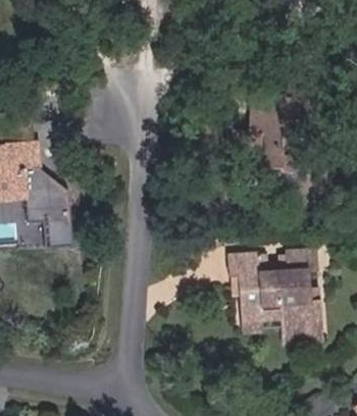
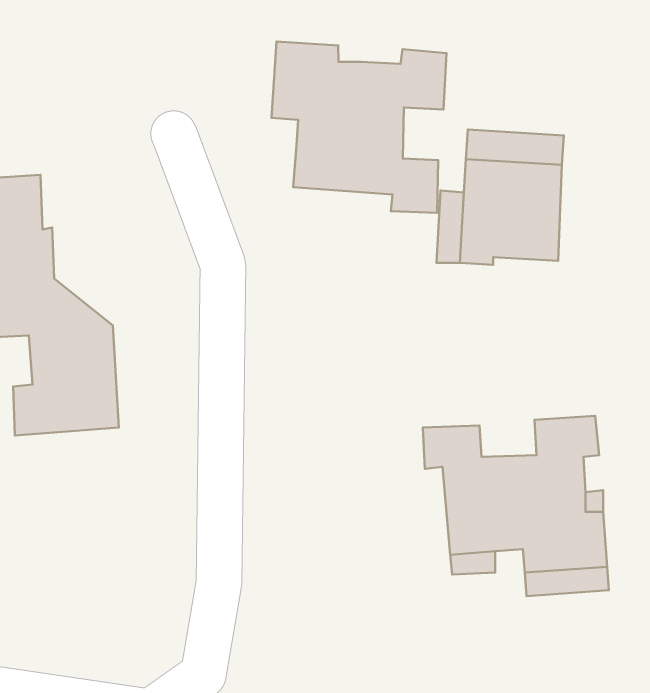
building: none -> [272,42,447,213]

